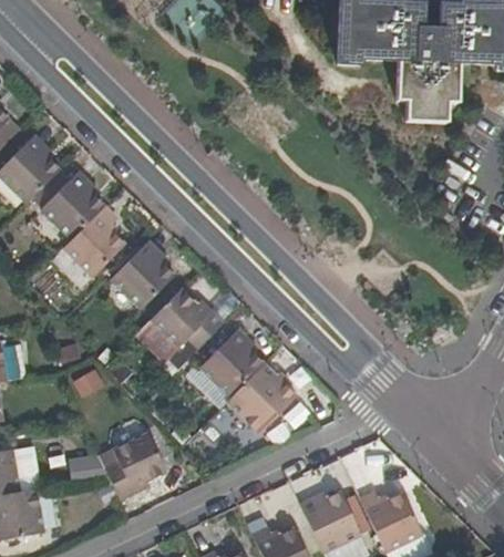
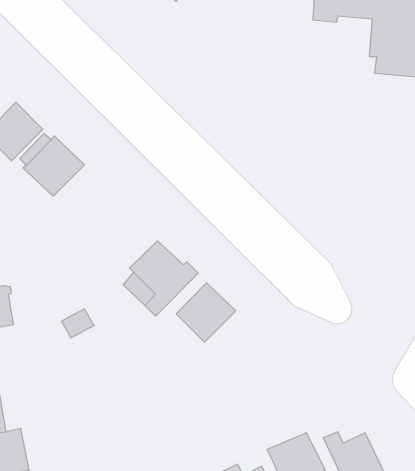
building: [60,207,123,278] -> none
building: [109,245,172,309] -> none
building: [225,362,294,430] -> none
building: [95,432,164,501] -> none

